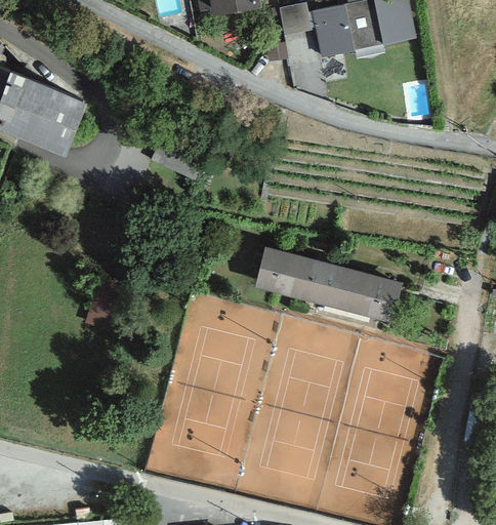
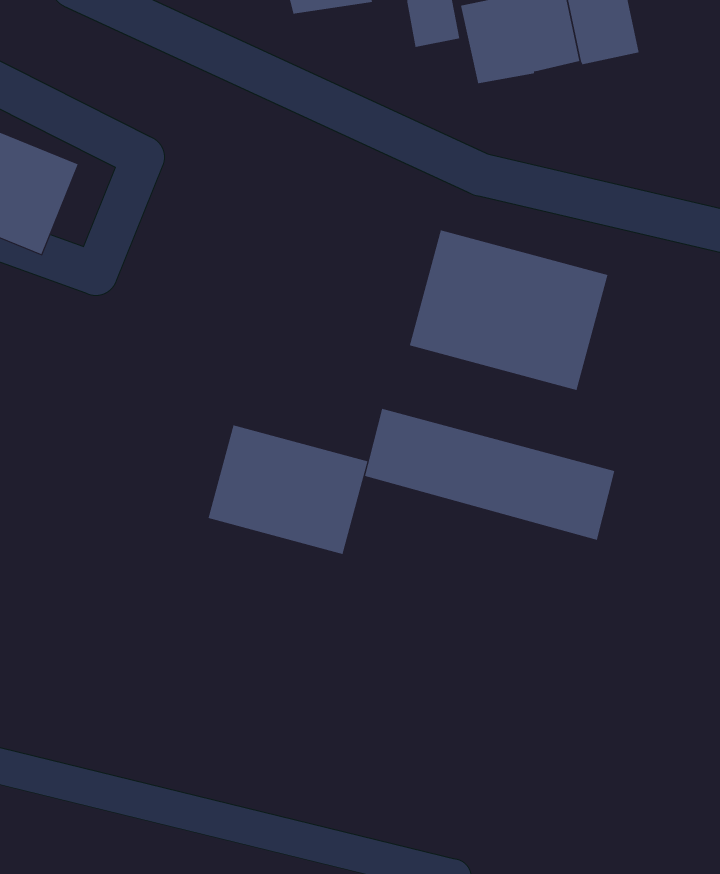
building: none -> [409,229,608,391]
building: none -> [208,424,368,555]

